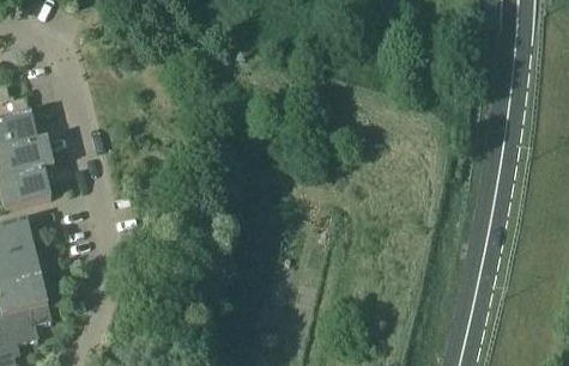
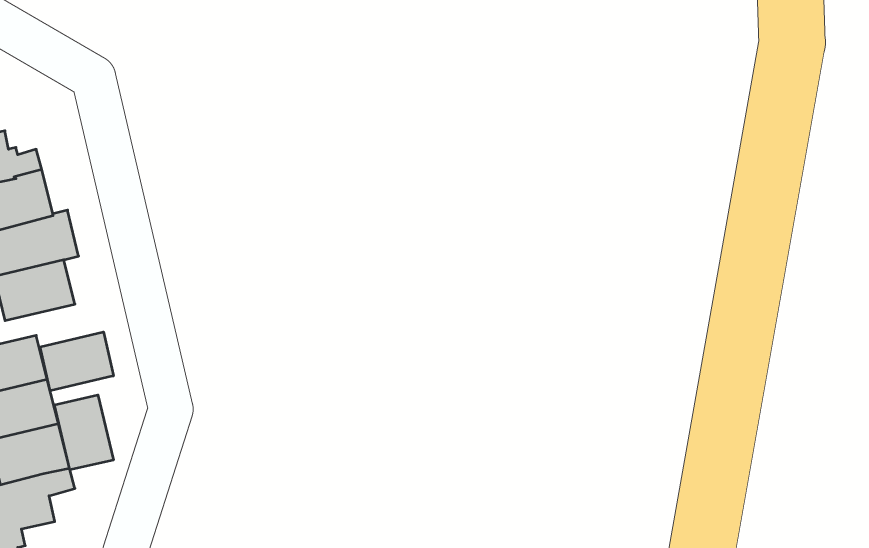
building: none -> [40,332,113,391]
building: none -> [54,395,113,470]

